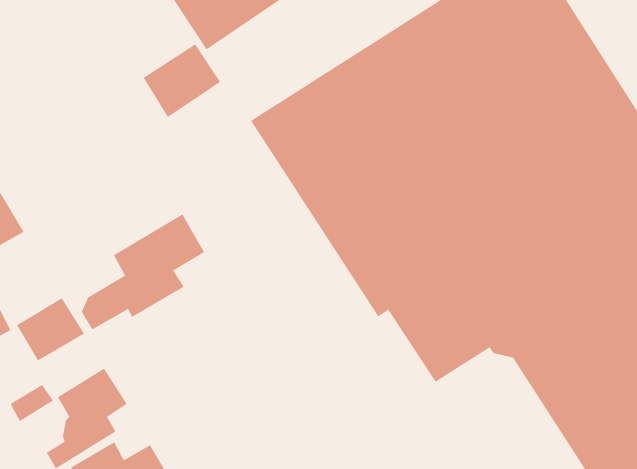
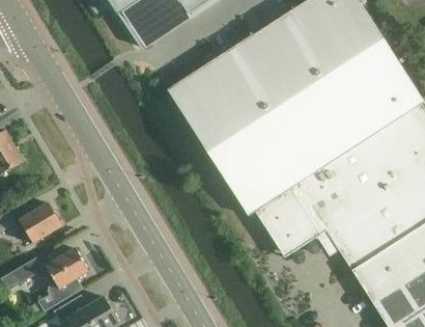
building: [143,44,221,118] -> none
building: [81,214,205,330] -> none

